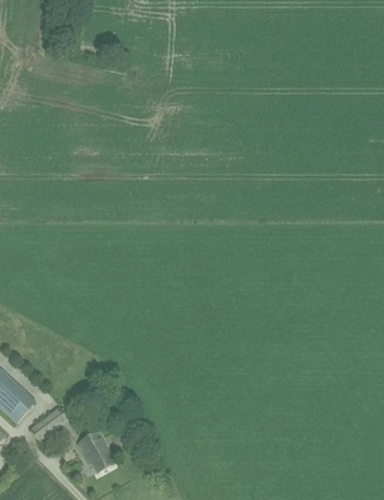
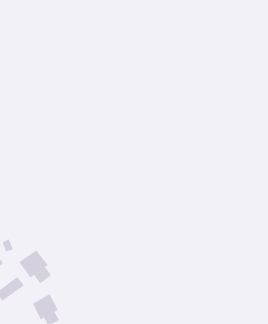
building: none -> [18,249,52,284]

